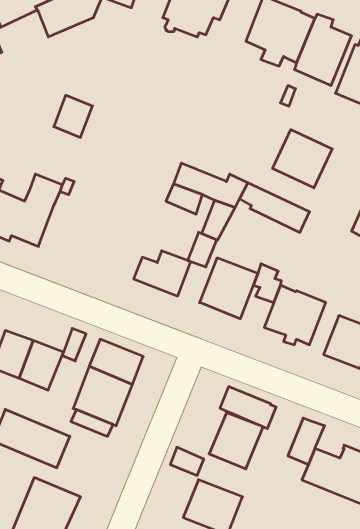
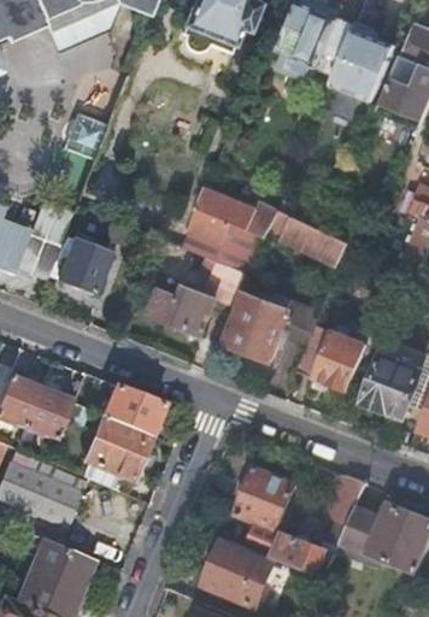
building: [273,130,332,188] -> none
building: none -> [46,234,108,294]
building: [220,387,276,429] -> [270,530,333,577]

